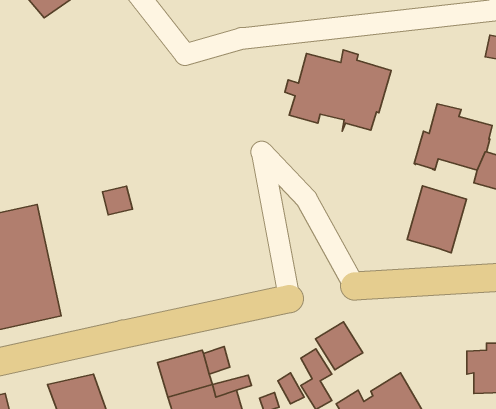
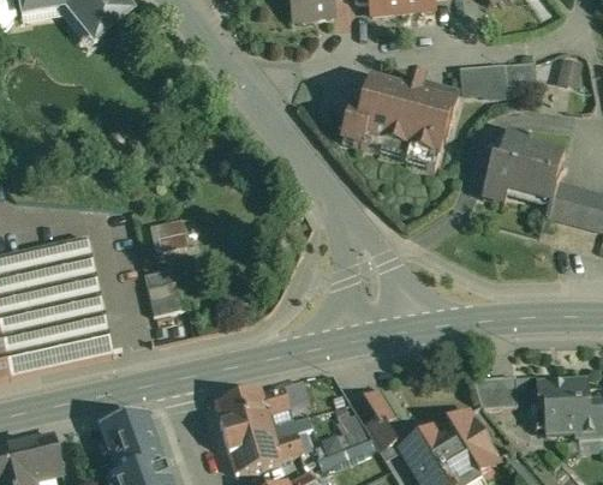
building: none -> [460,64,536,94]
building: [407,186,466,253] -> none
building: none -> [144,268,181,316]
building: [315,322,363,370] -> none
building: none -> [472,376,518,408]

